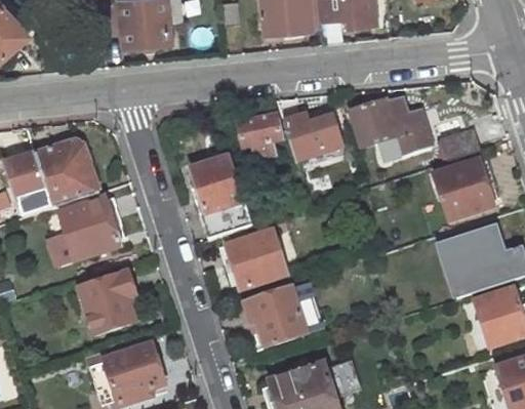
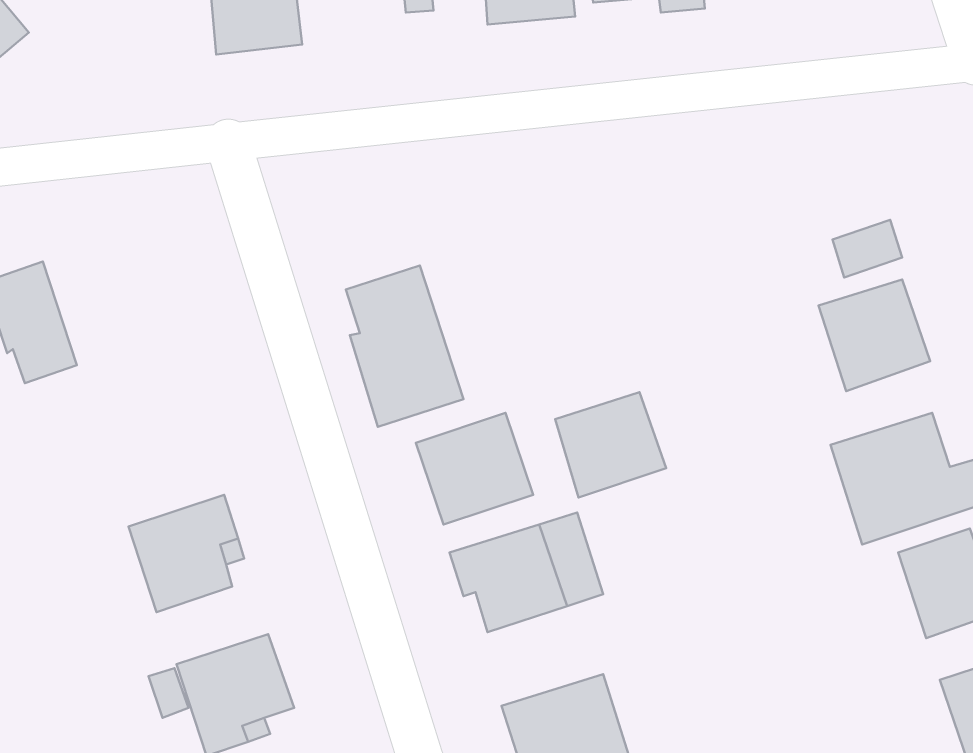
building: [350,97,431,157] -> none
building: [283,115,339,158] -> none
building: [237,116,278,158] -> none
building: [35,138,100,205] -> none
building: [59,198,120,257] -> none
building: none -> [555,392,666,497]

